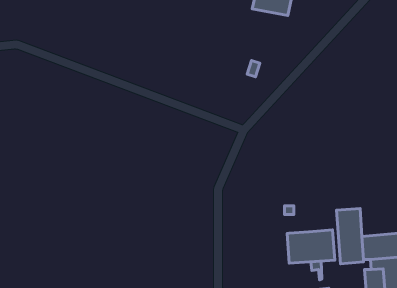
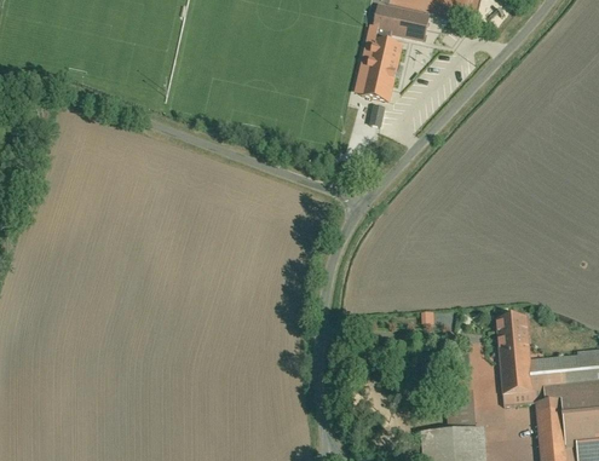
building: none -> [362,36,402,100]
building: [287,230,335,263] -> none

